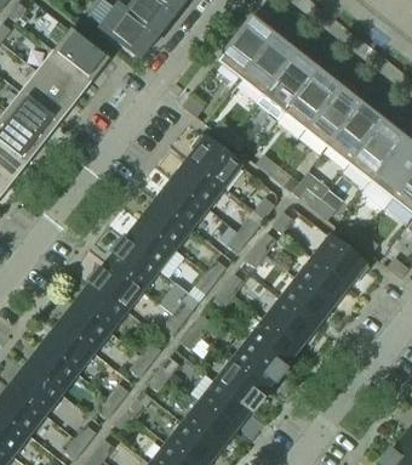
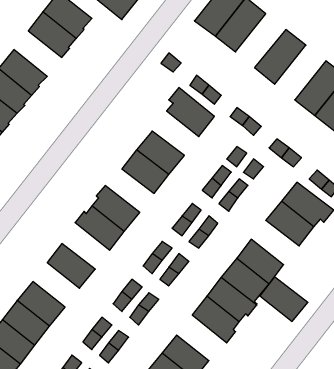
building: [257,52,317,118] -> none
building: [22,70,74,120] -> none
building: [305,86,361,146] -> none
building: [172,158,223,206] -> none
building: [121,221,174,268] -> none
building: [280,277,332,325] -> [260,277,308,321]
building: [74,279,126,330] -> none
building: [42,323,93,372] -> none
building: [199,380,253,430] -> none

